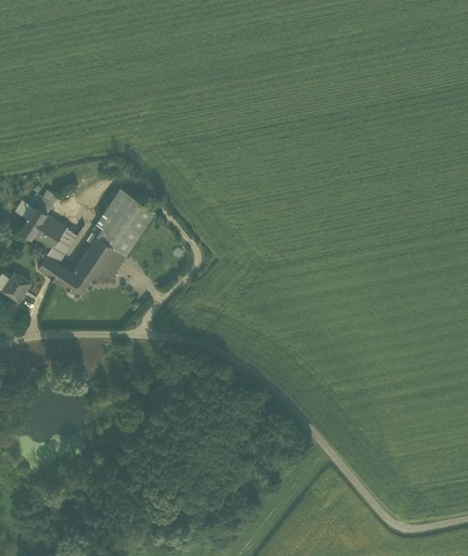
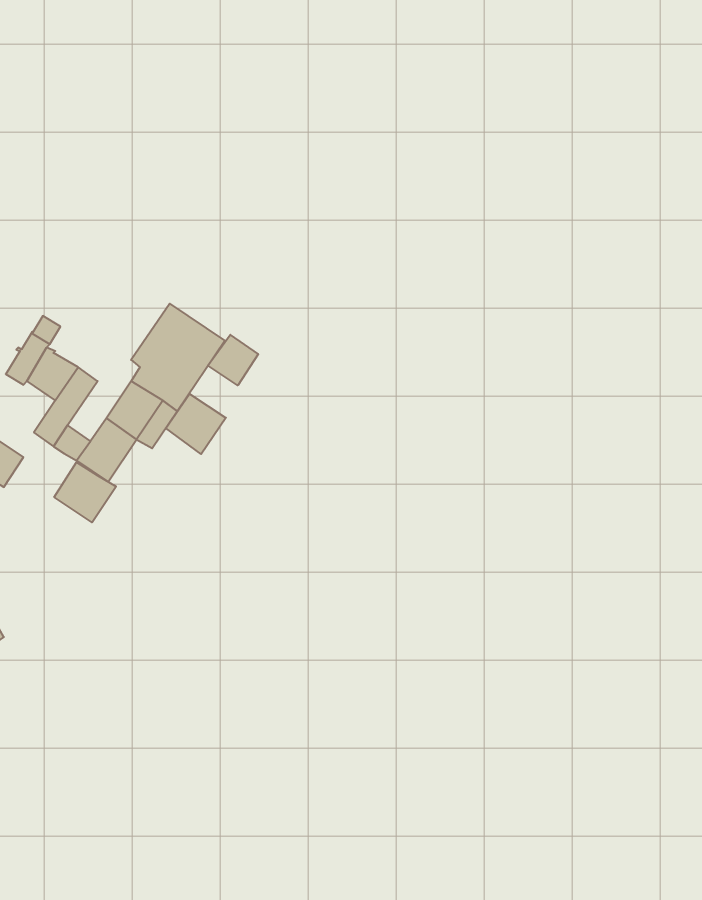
building: none -> [208,335,258,385]
building: none -> [166,394,226,454]
building: none -> [54,462,116,522]

